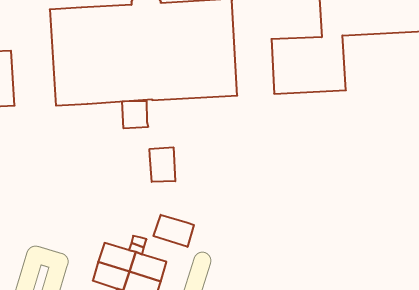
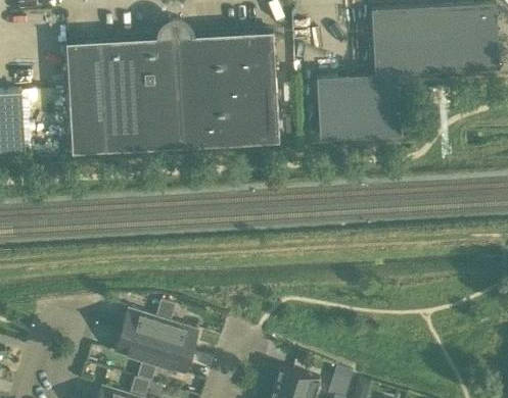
building: [122,101,148,128] -> none
building: [150,147,175,182] -> none
building: [153,215,194,247] -> none

